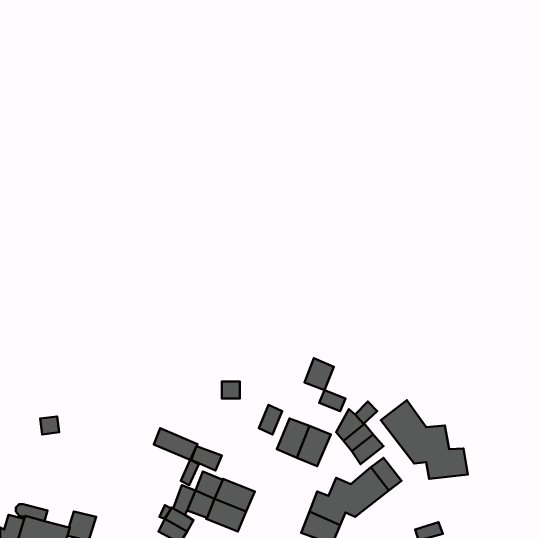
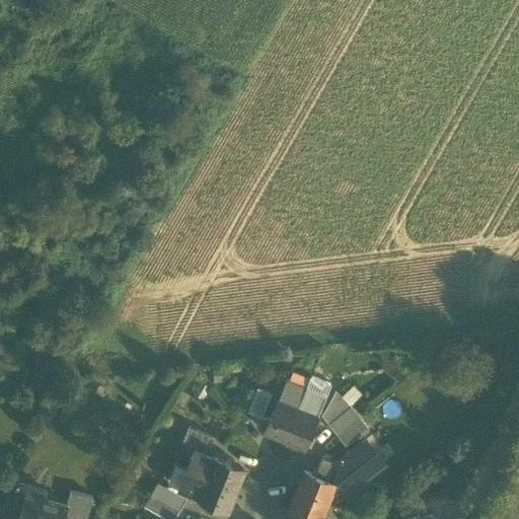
building: [304,358,334,390] -> [278,380,306,411]
building: [381,400,468,479] -> none
building: [154,428,197,460] -> none

